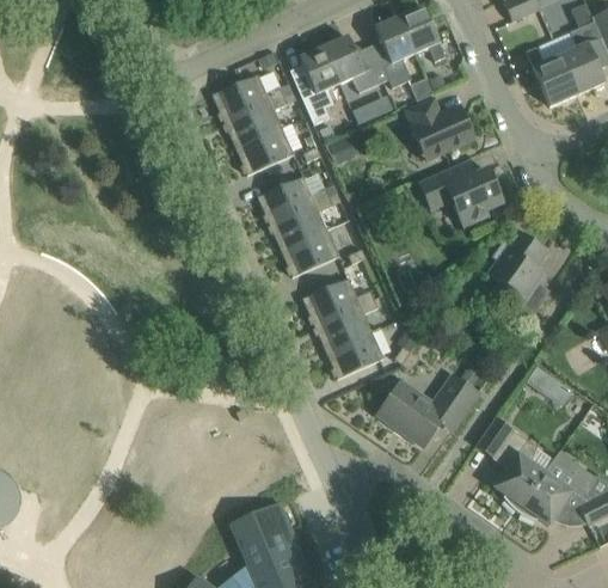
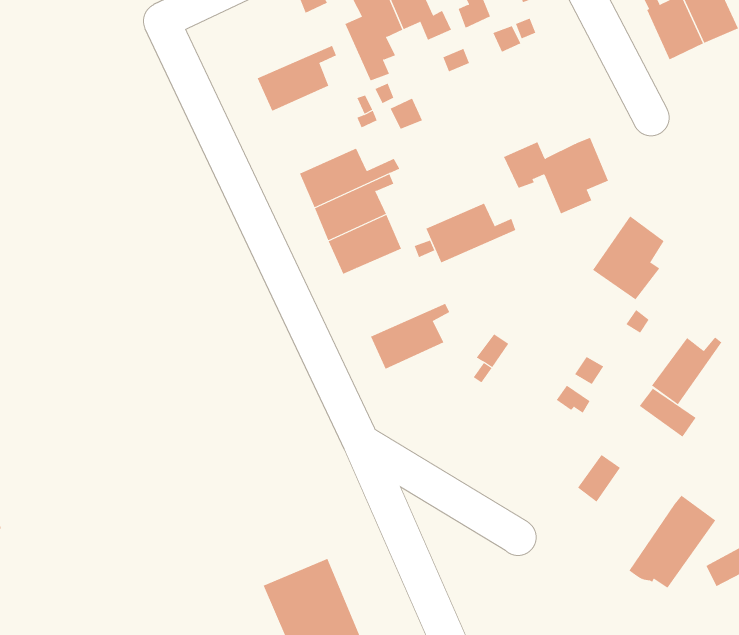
building: [211,74,283,121] -> none
building: [405,98,474,159] -> none
building: [235,127,293,174] -> none
building: [301,277,373,325] -> [426,203,516,263]
building: none -> [651,337,722,405]
building: [325,330,383,378] -> none
building: [377,379,478,446] -> none
building: [493,440,553,510] -> none

